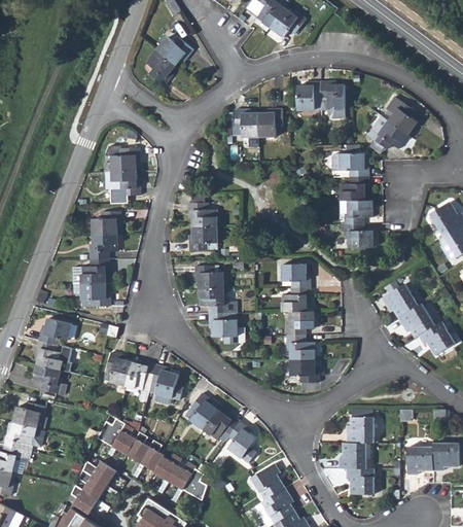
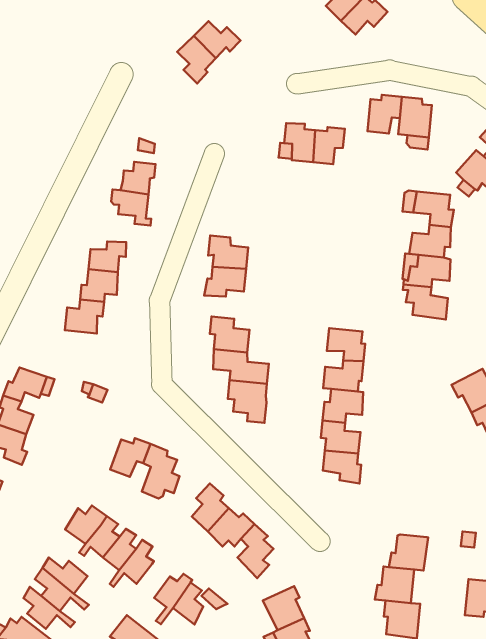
building: [81,285,109,308] -> none
building: [105,354,133,388] -> none
building: [154,454,184,493] -> none

